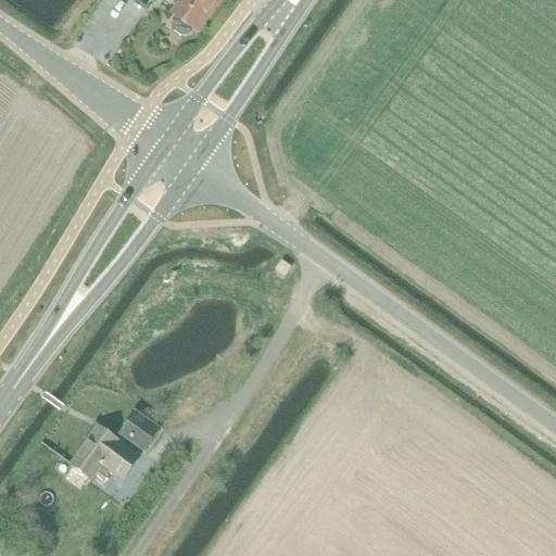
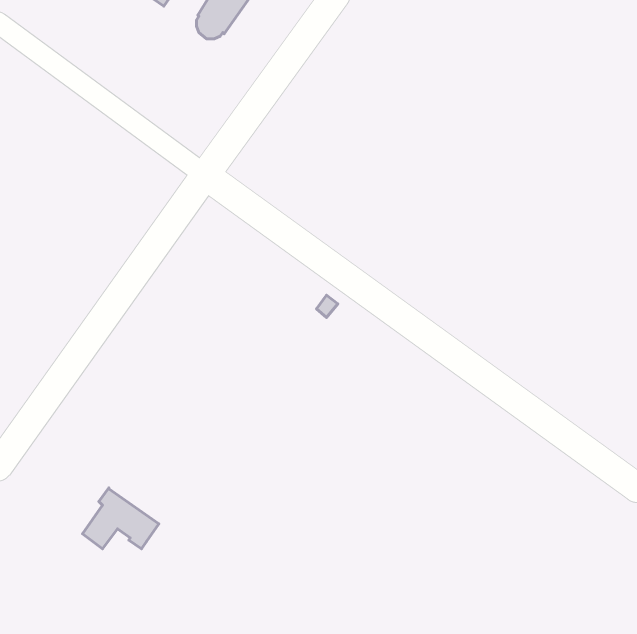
building: [119,410,160,450] -> none

